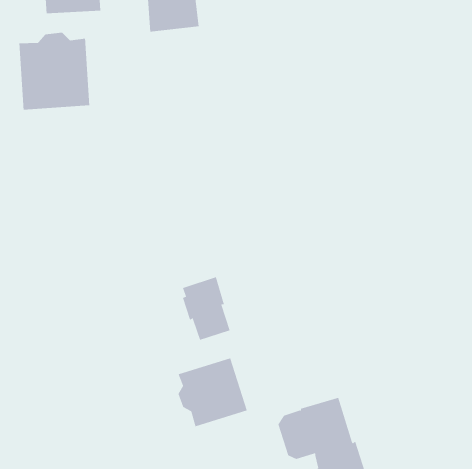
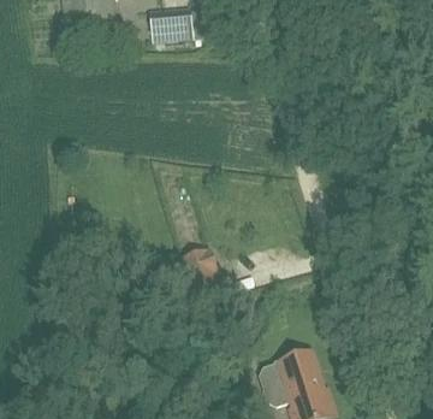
building: [19,32,90,111] -> none
building: [178,357,248,427] -> none

